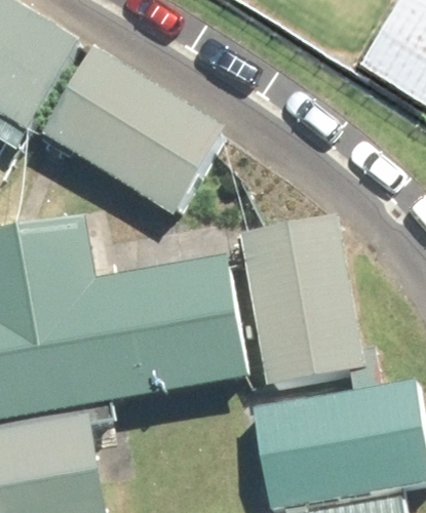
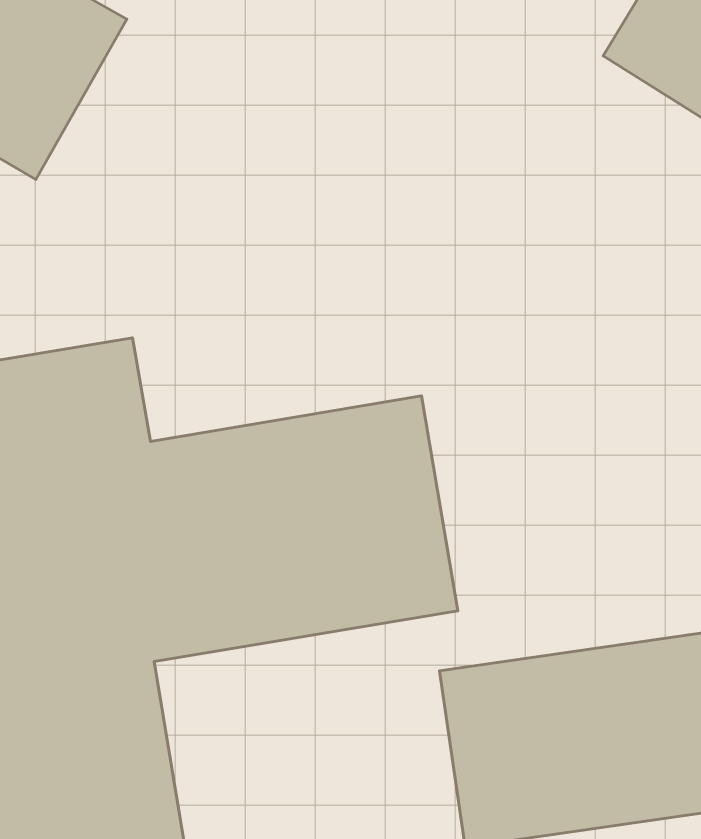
building: [53,55,223,204] -> none
building: [240,216,365,380] -> none

